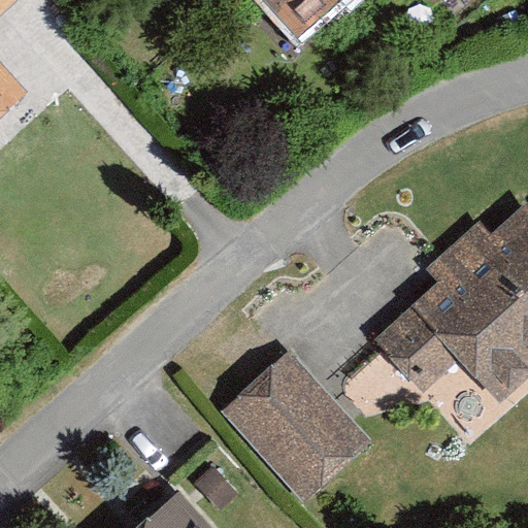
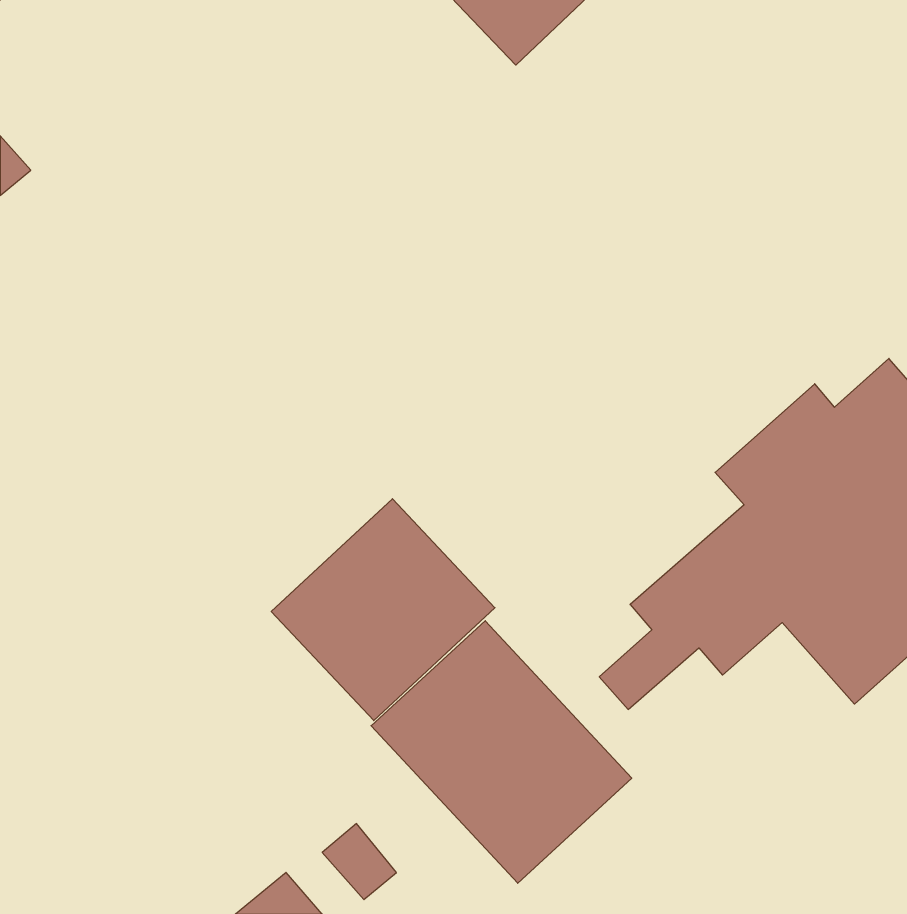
building: none -> [271,499,495,721]

